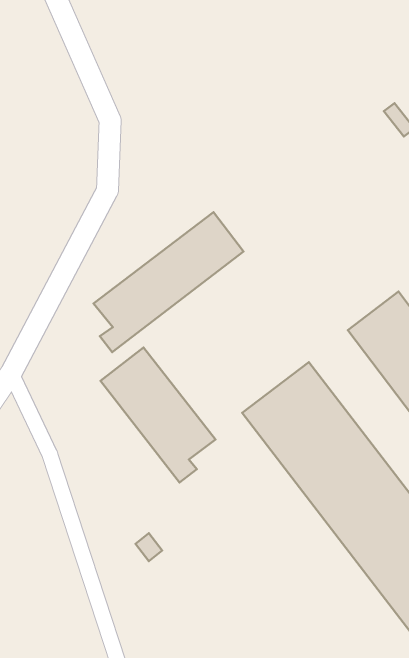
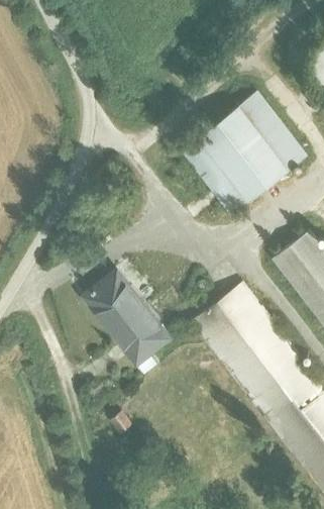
building: none -> [181,92,307,215]
building: [94,212,244,352] -> none

